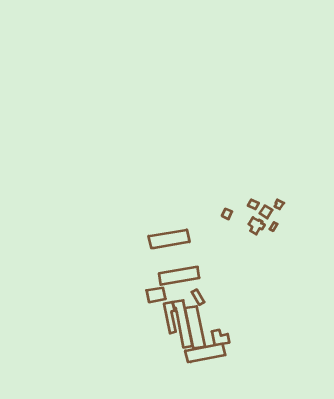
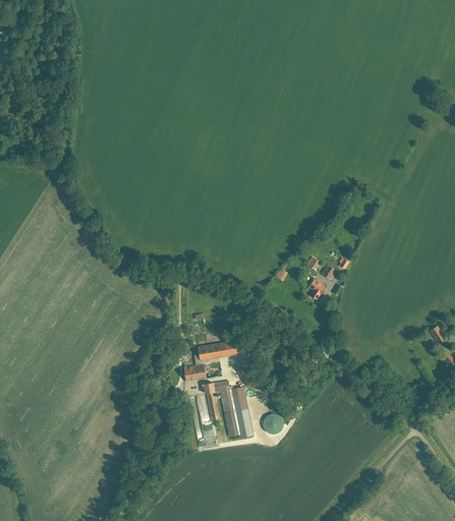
building: [149,230,189,248] -> none
building: [185,344,225,362] -> none

